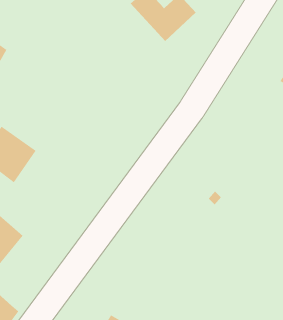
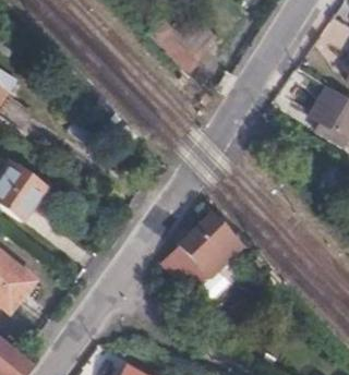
building: none -> [163,213,233,280]

